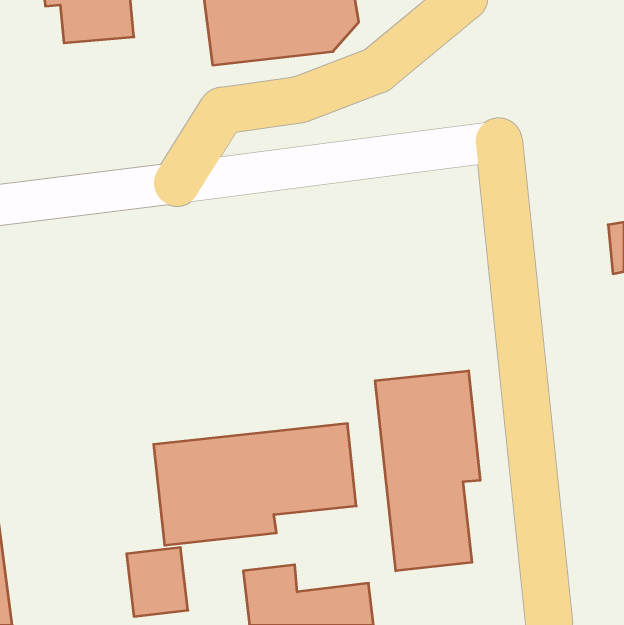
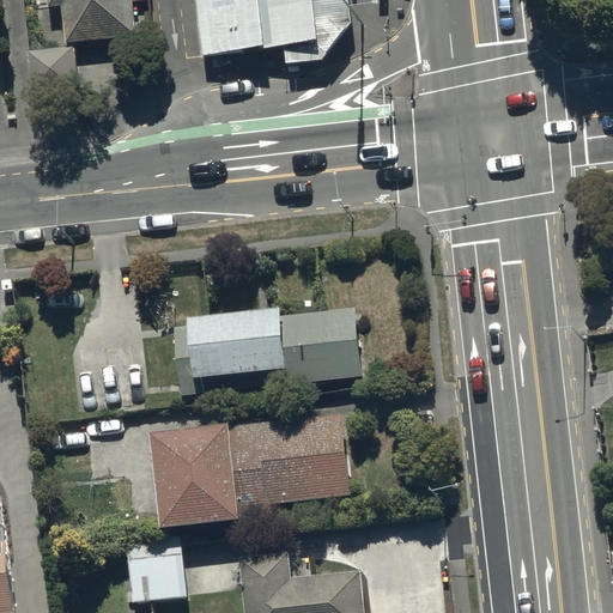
building: none -> [172,306,359,396]
building: [375,371,480,571] -> none

